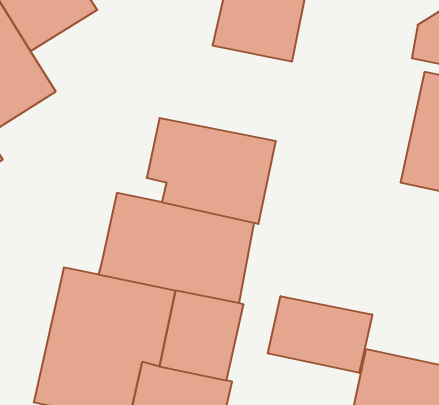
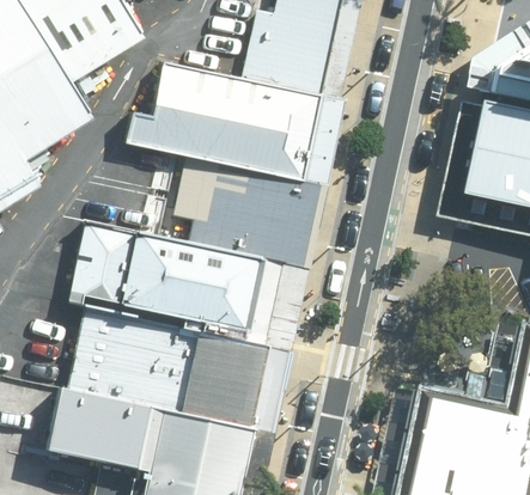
building: none -> [136,62,331,176]
building: none -> [80,220,150,304]
building: [268,296,372,373] -> none

